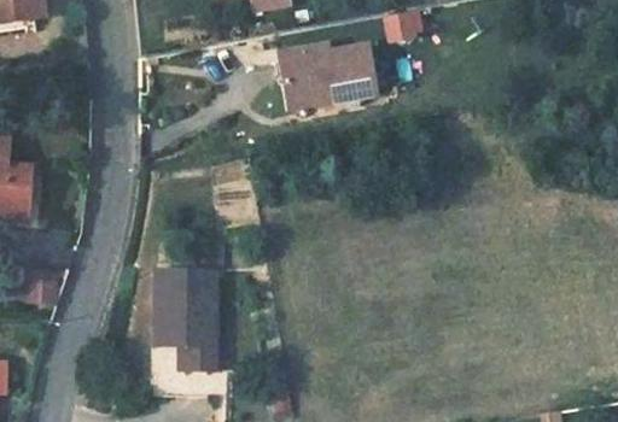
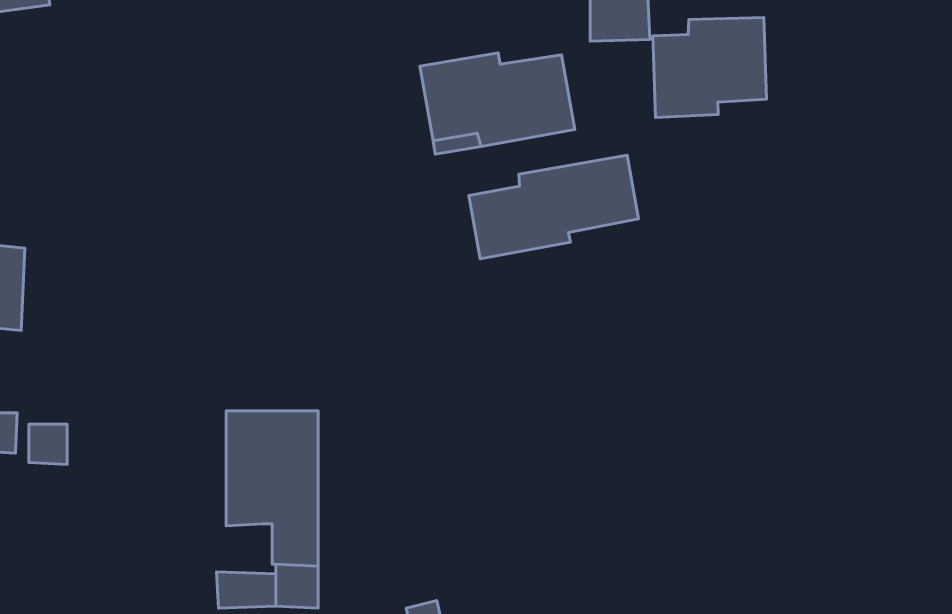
building: none -> [653,18,766,117]
building: none -> [469,155,639,259]

